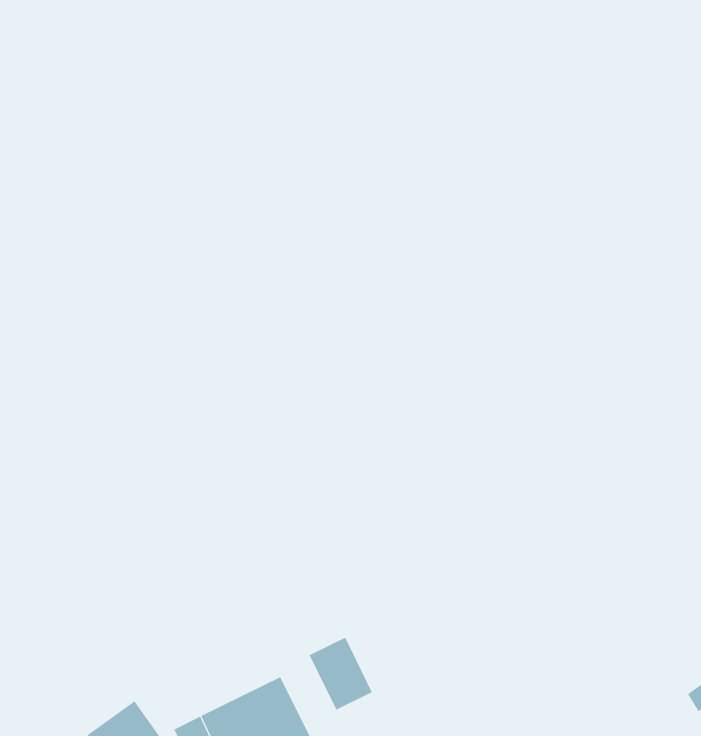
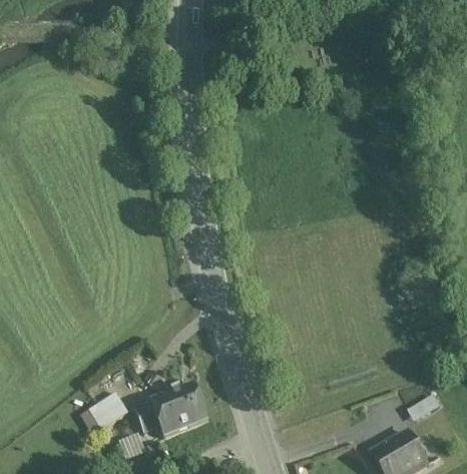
building: [309,637,373,711] -> none

